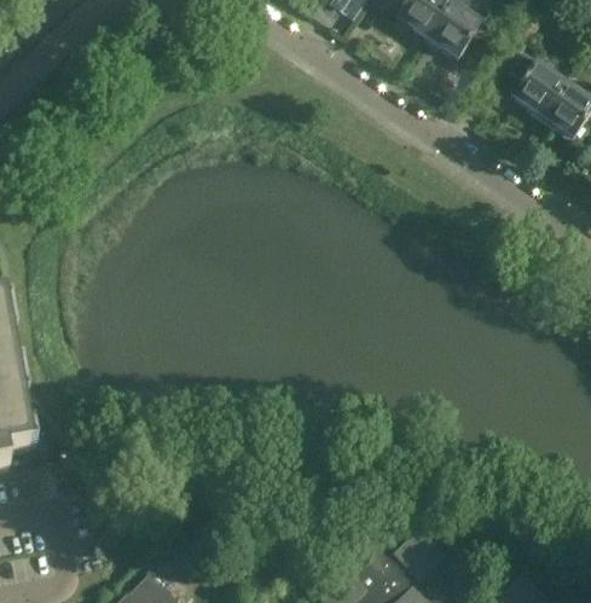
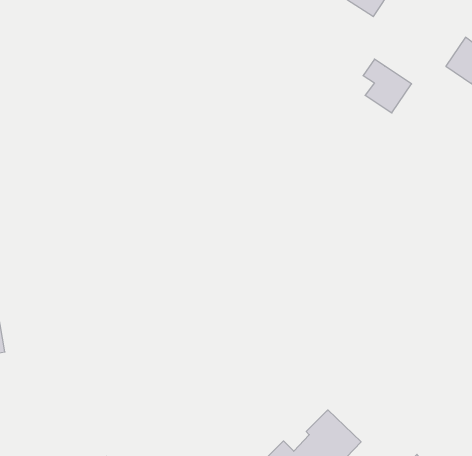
building: [510,53,567,116] -> [363,59,412,113]

